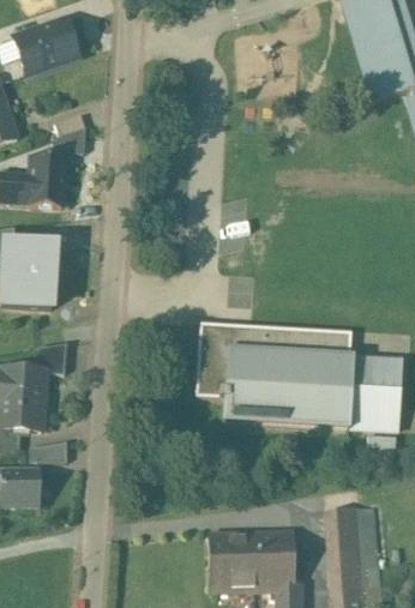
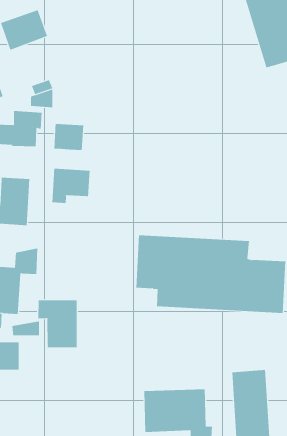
building: none -> [54,123,84,151]
building: none -> [52,168,90,204]
building: none -> [38,299,77,348]

